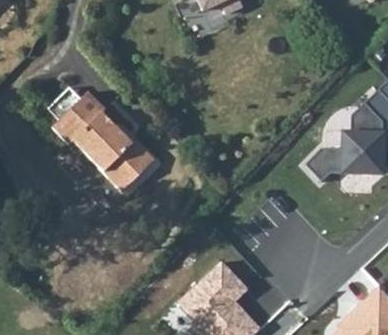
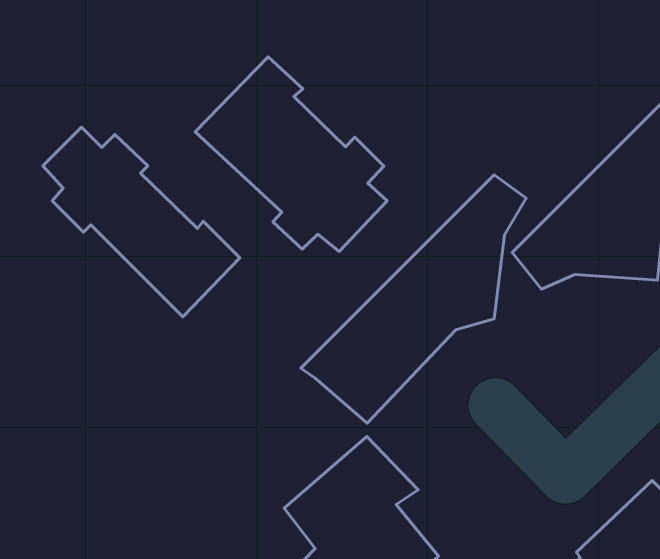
building: none -> [195,57,387,252]
building: none -> [301,175,526,423]

